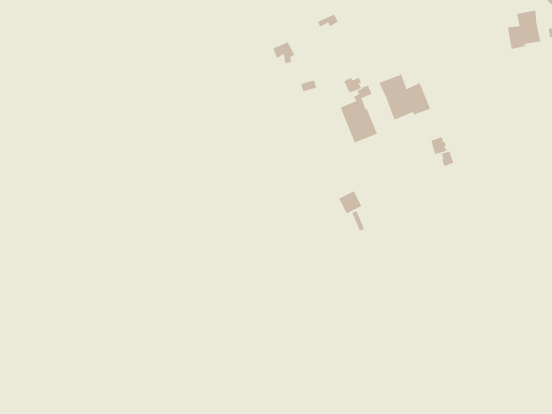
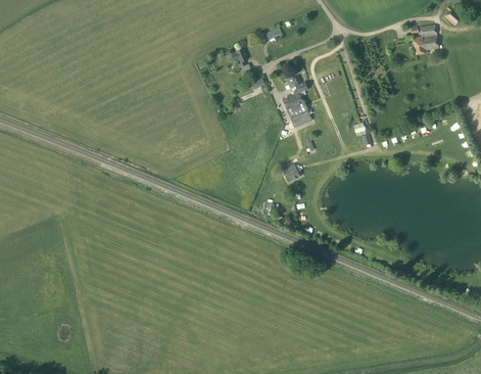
building: [378,74,431,121] -> none

